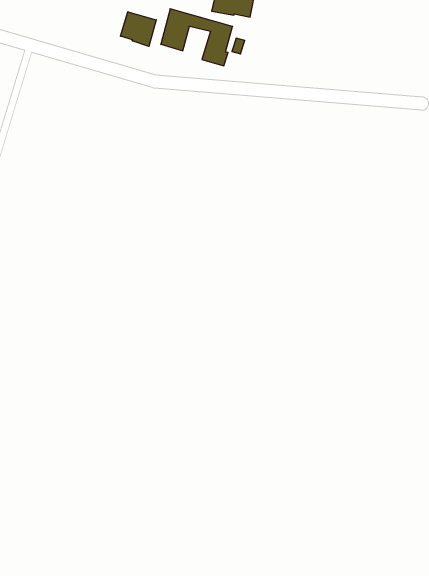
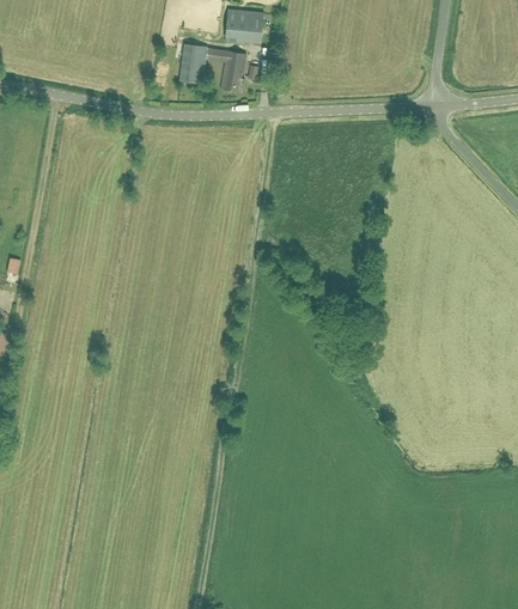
building: [120,12,156,46] -> none

